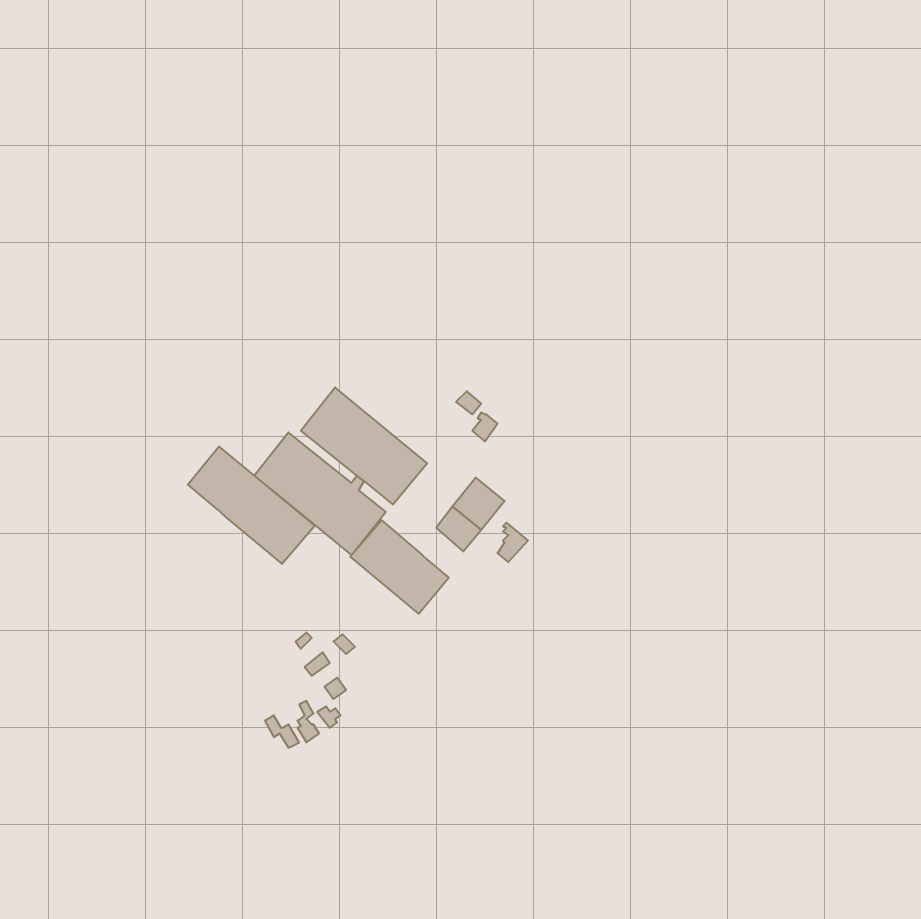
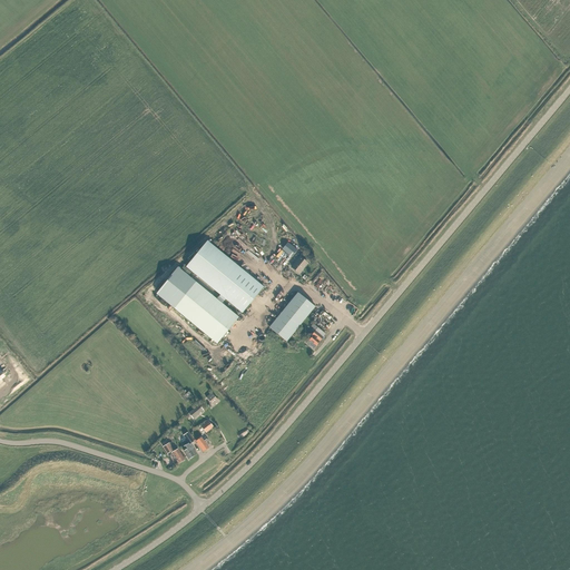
building: [188,447,315,564] -> none
building: [350,520,449,614] -> none

